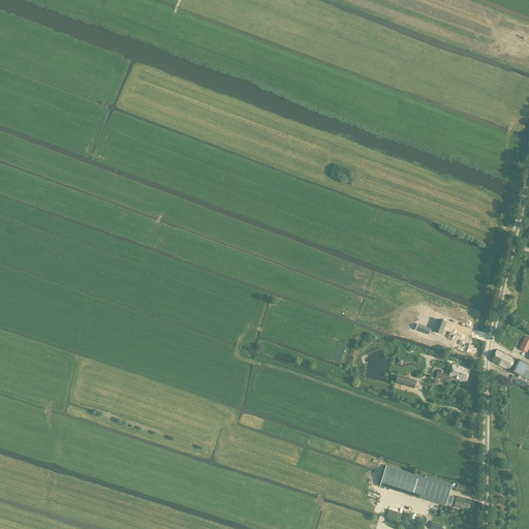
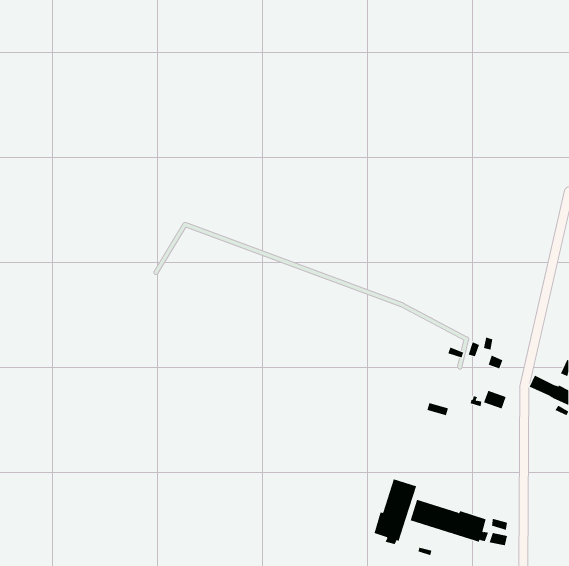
building: none -> [374,479,417,545]

